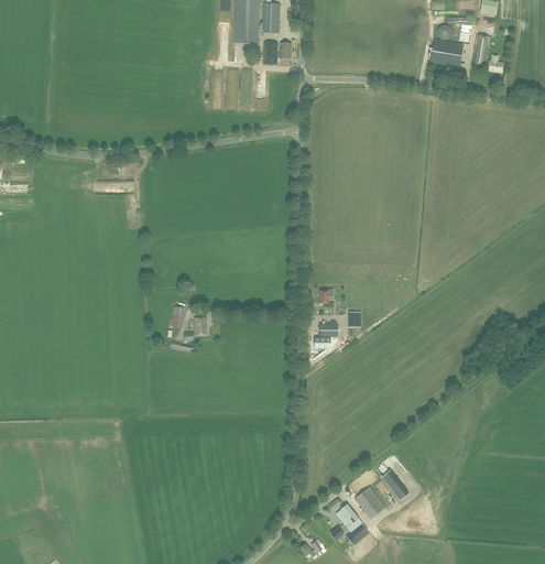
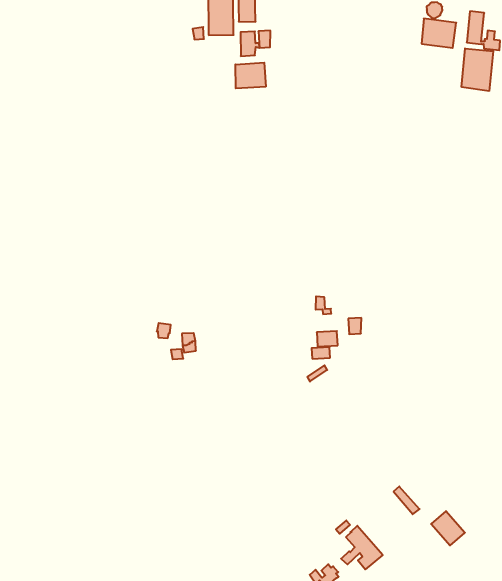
building: none -> [462,48,493,91]
building: none -> [235,63,266,88]
building: [353,486,384,518] -> [431,511,465,545]

